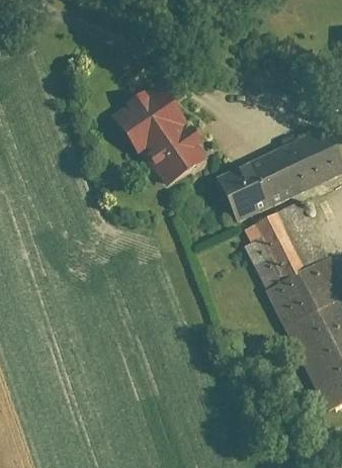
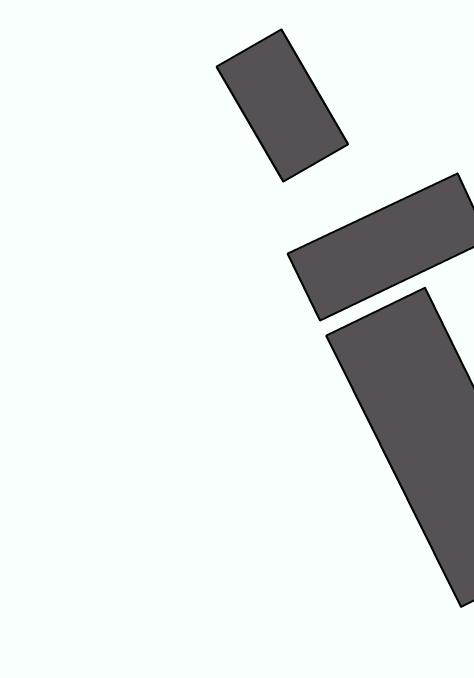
building: [119,84,205,183] -> [217,30,348,181]

